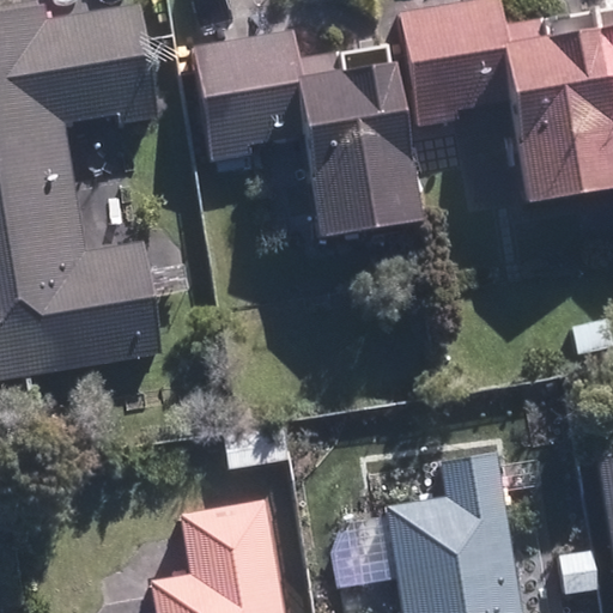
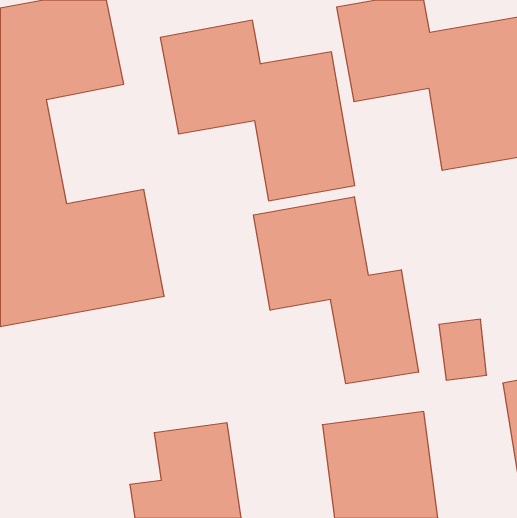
building: none -> [253,197,419,384]

